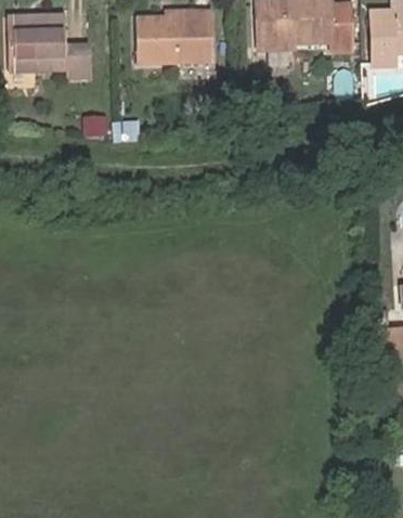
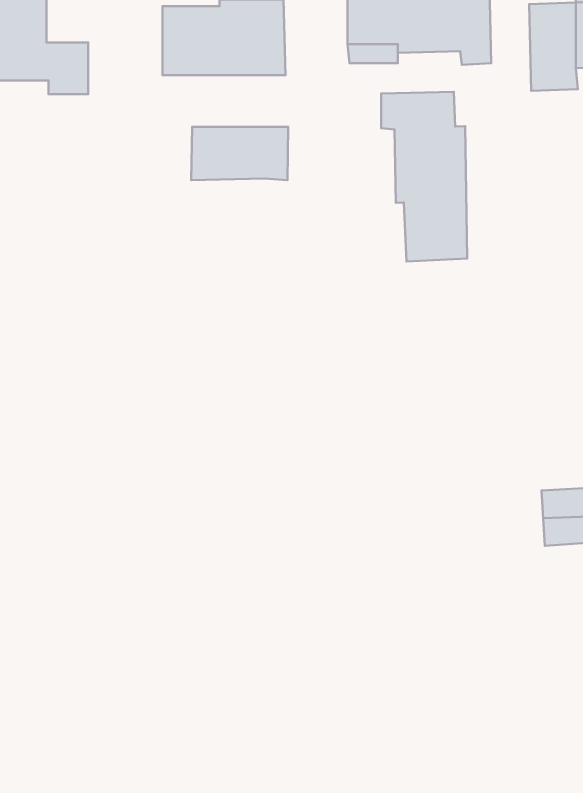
building: none -> [381,92,467,261]
building: none -> [191,127,288,180]

